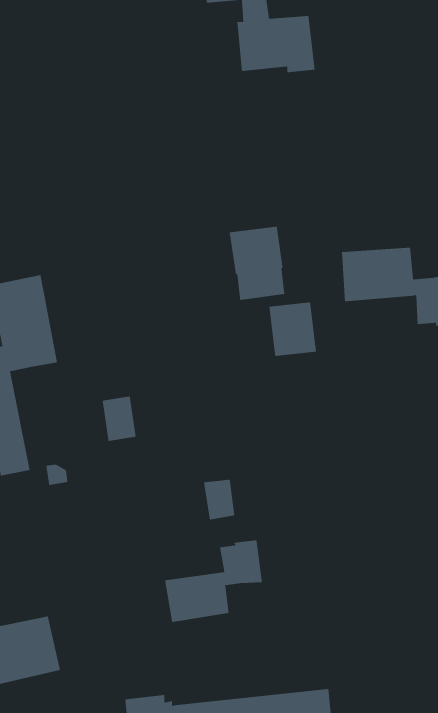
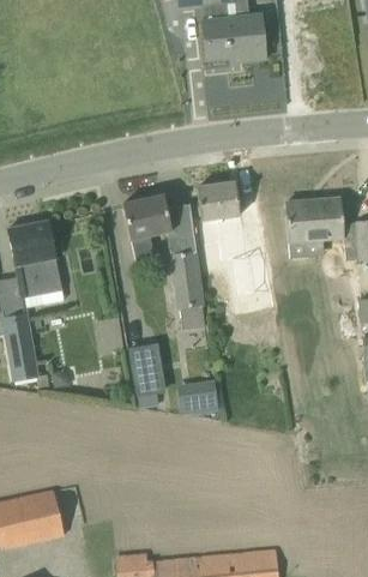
building: none -> [123,194,206,331]
building: none -> [129,344,165,397]
building: [165,540,263,623] -> none

